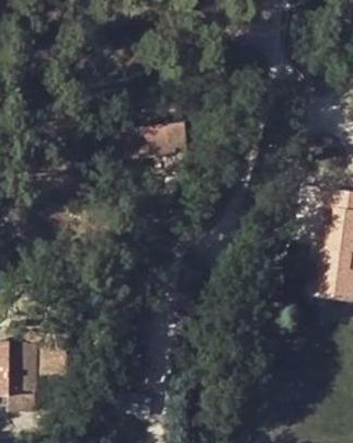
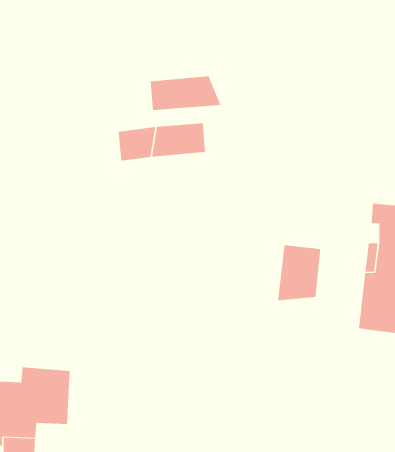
building: none -> [150,75,221,111]
building: none -> [277,244,321,301]

